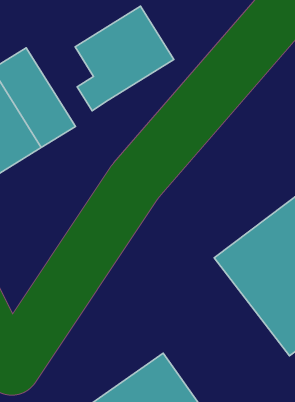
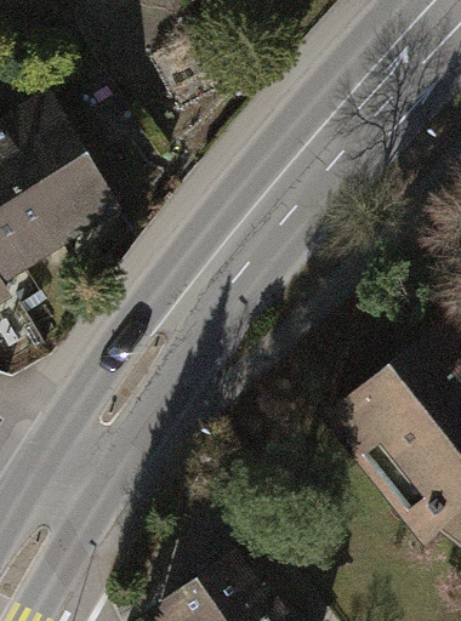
building: [75,6,174,111] -> none

